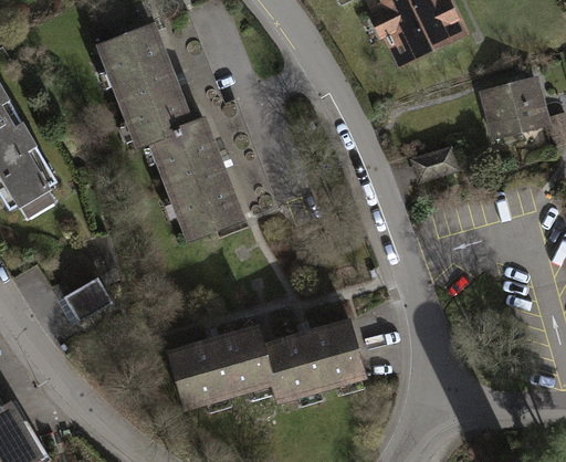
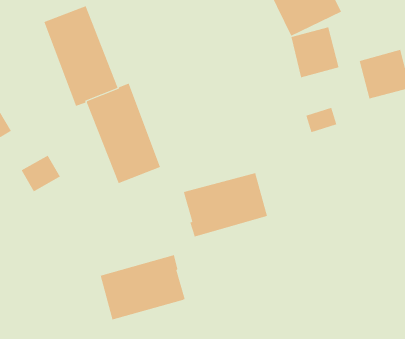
building: none -> [291,27,339,78]
building: [64,282,113,327] -> [21,155,61,192]
building: [262,322,365,400] -> [183,172,268,237]

